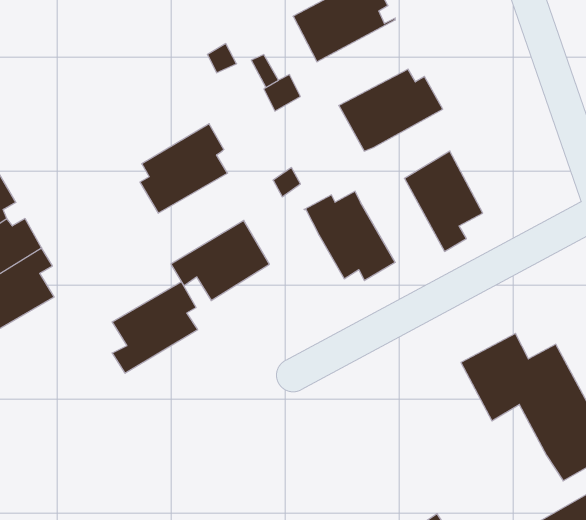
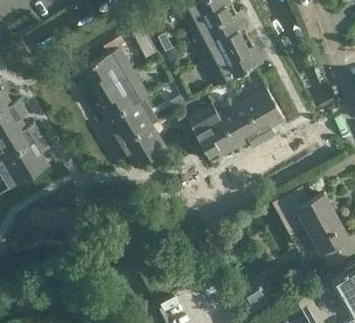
building: none -> [193,15,245,62]
building: none -> [77,41,134,94]
building: none -> [217,102,263,148]
building: [112,282,198,373] -> [106,99,153,149]

